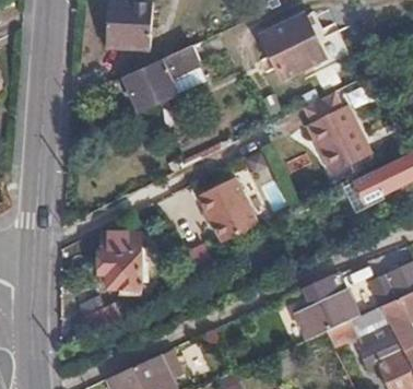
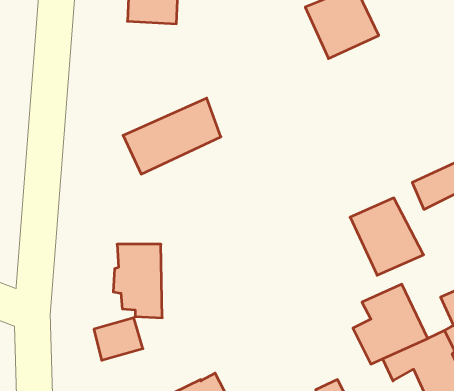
building: [122,45,205,109] -> [123,98,221,174]
building: [308,106,370,172] -> [350,198,424,275]
building: [194,177,252,239] -> none

